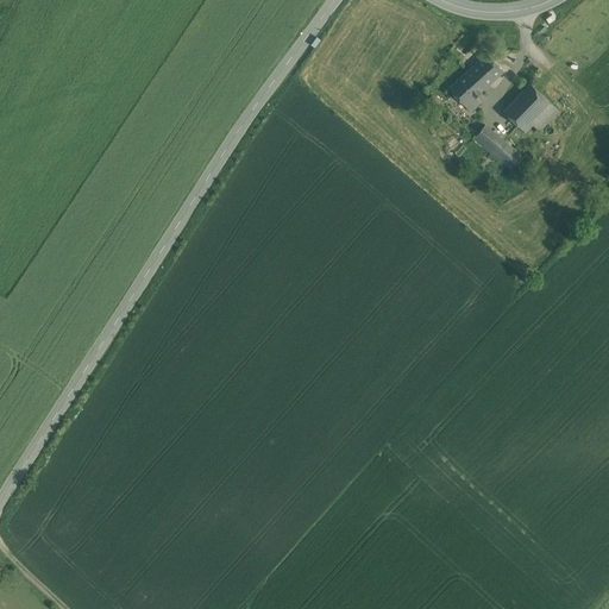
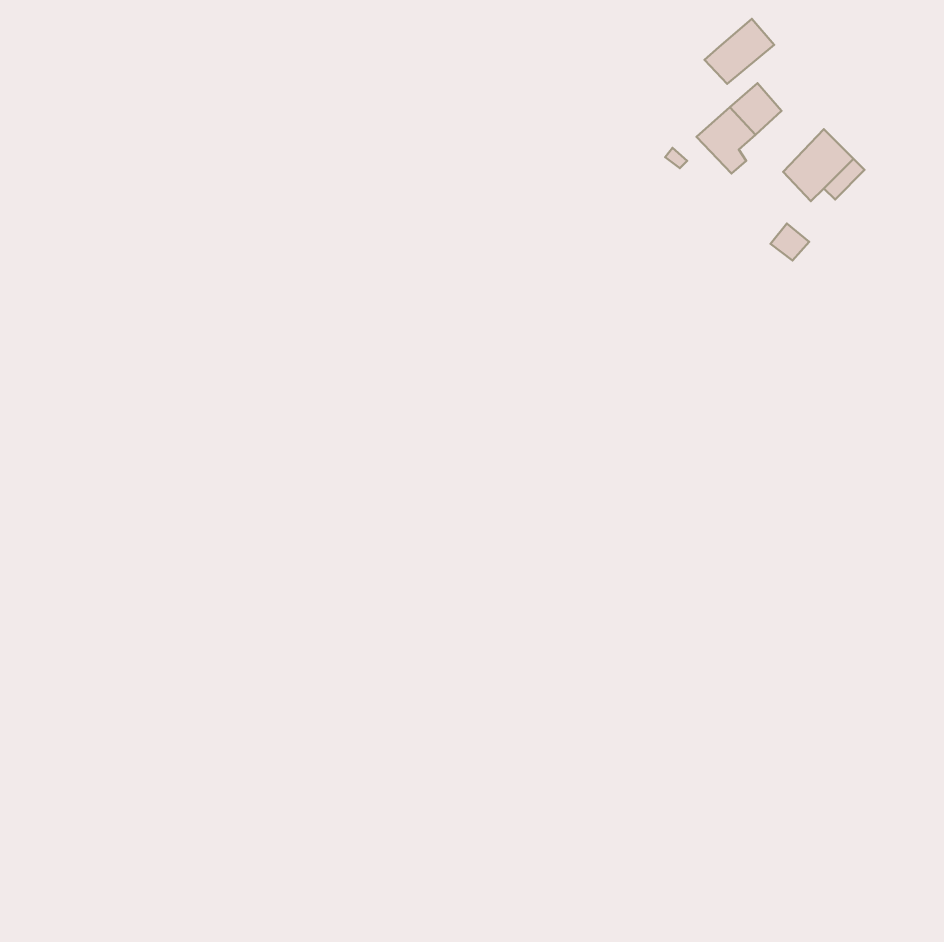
building: none -> [704,19,774,84]
building: [473,126,507,158] -> none

